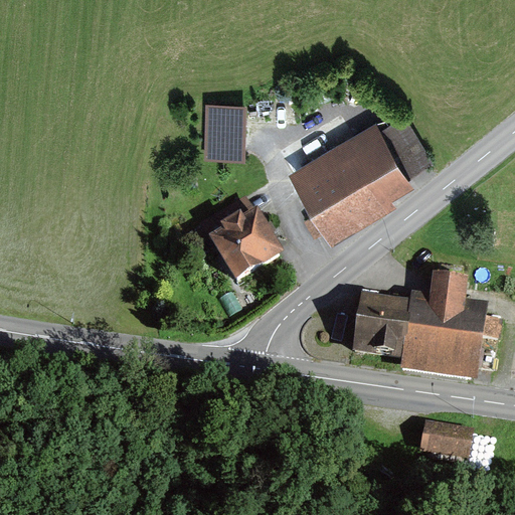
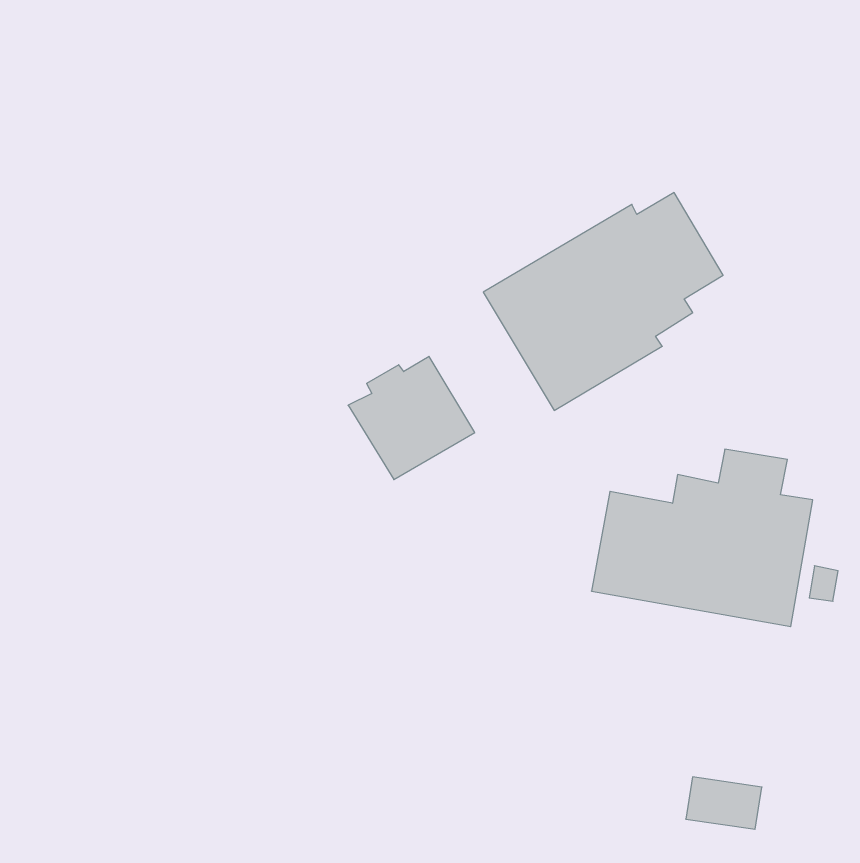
building: [202,103,246,163] -> none
building: [422,430,468,461] -> [686,777,762,829]

